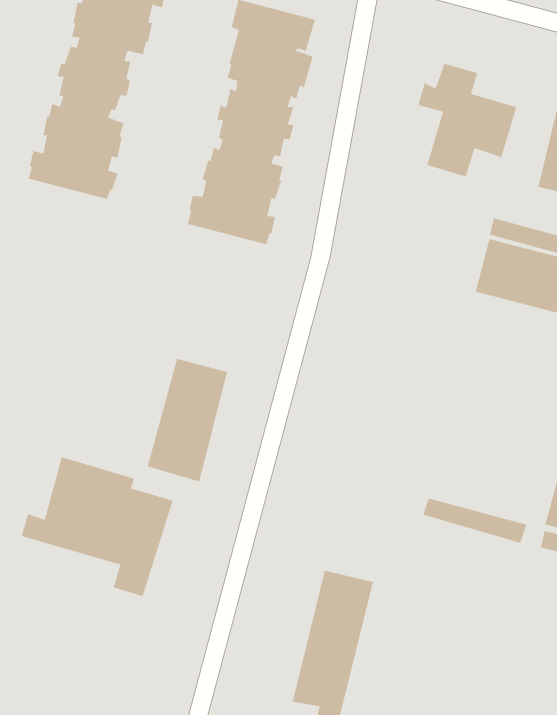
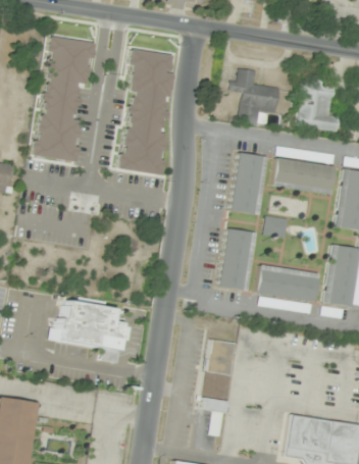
building: none -> [228,152,266,215]
building: none -> [262,214,288,238]
building: [147,358,228,482] -> [217,227,254,291]
building: none -> [254,263,317,301]

